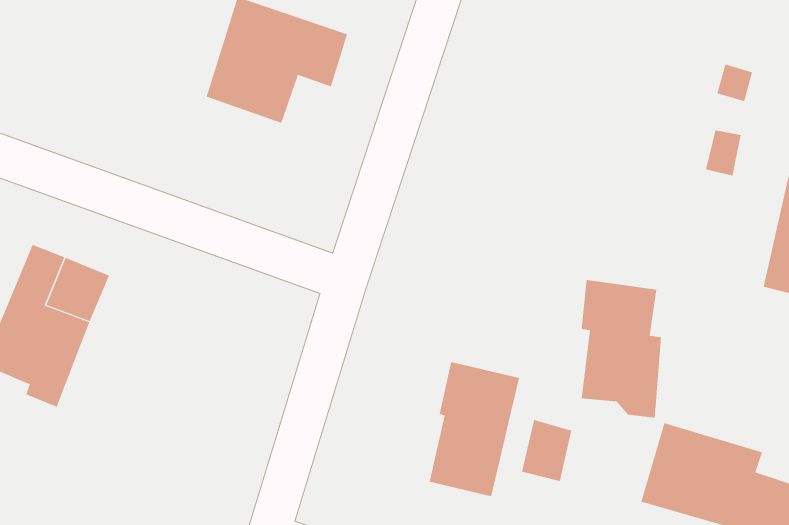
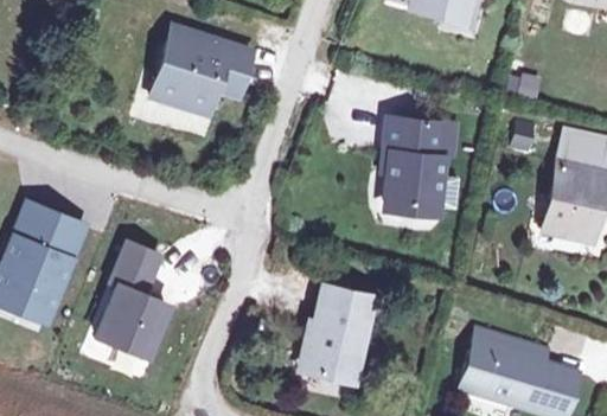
building: [581,279,662,418] -> [388,117,446,217]
building: none -> [91,241,162,356]
building: [521,419,572,482] -> none

